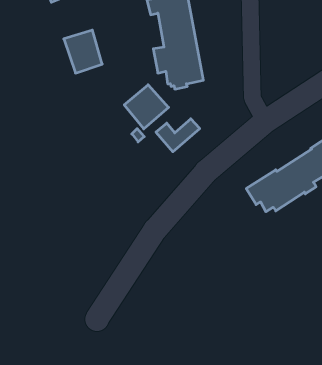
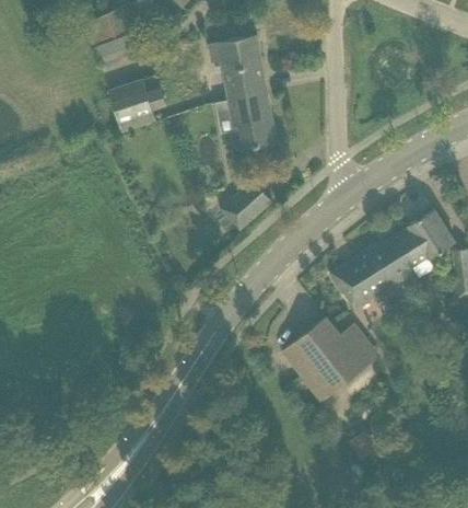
building: [124,85,169,129] -> none
building: none -> [282,315,379,401]

